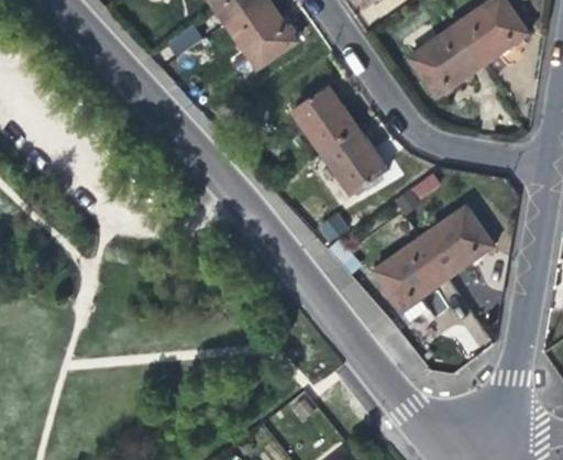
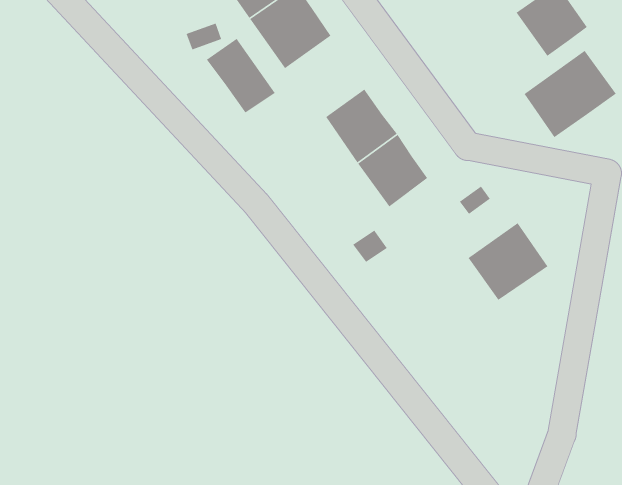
building: [408,18,492,97] -> [524,50,617,138]
building: none -> [206,38,276,114]
building: [374,238,448,321] -> none

